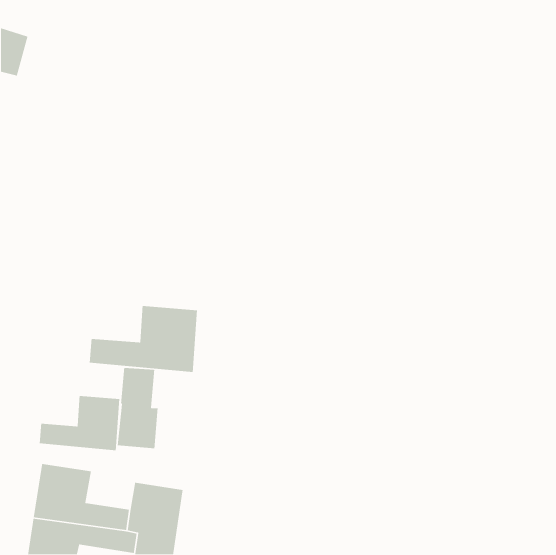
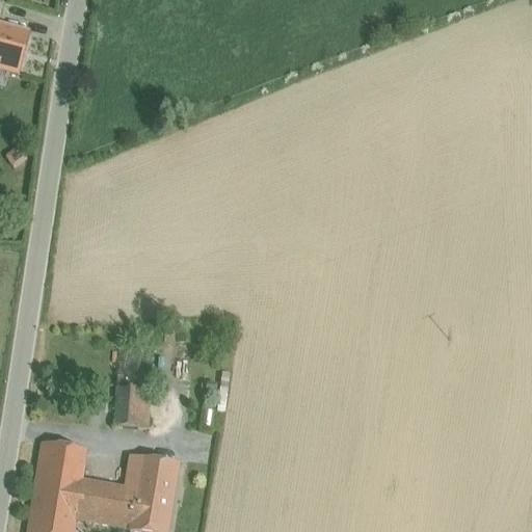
building: [89,305,198,373] -> none
building: [39,395,120,451] -> none

